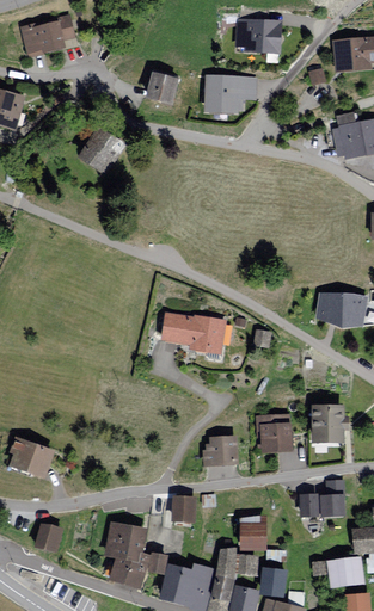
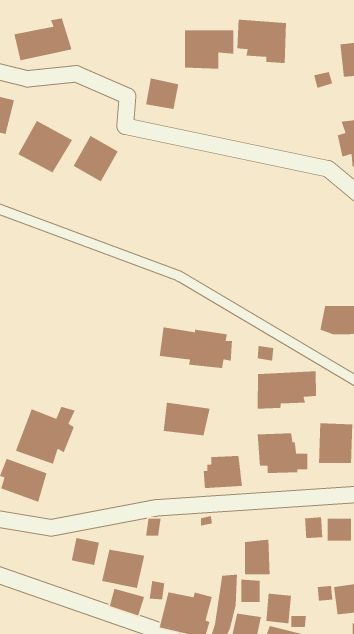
building: [206,76,253,115] -> [184,29,234,69]
building: none -> [17,120,73,173]
building: none -> [257,370,317,409]
building: none -> [163,402,210,436]
building: none -> [15,406,76,465]
building: [172,496,192,525] -> none
building: [36,524,63,551] -> [71,537,100,566]

